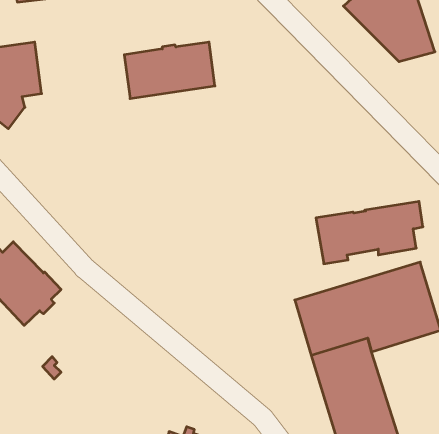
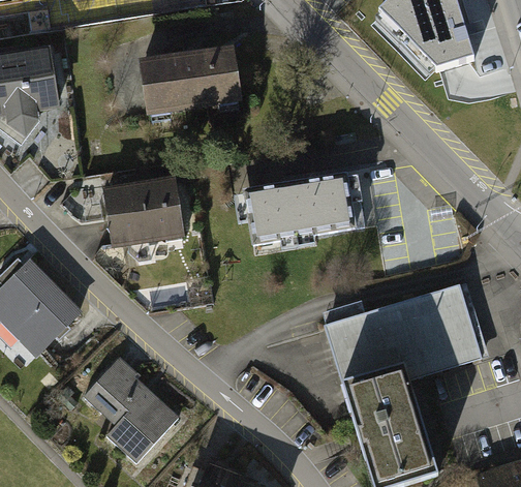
building: none -> [105,180,182,258]
building: [316,201,423,264] -> [246,175,360,241]
building: none -> [84,354,175,461]

